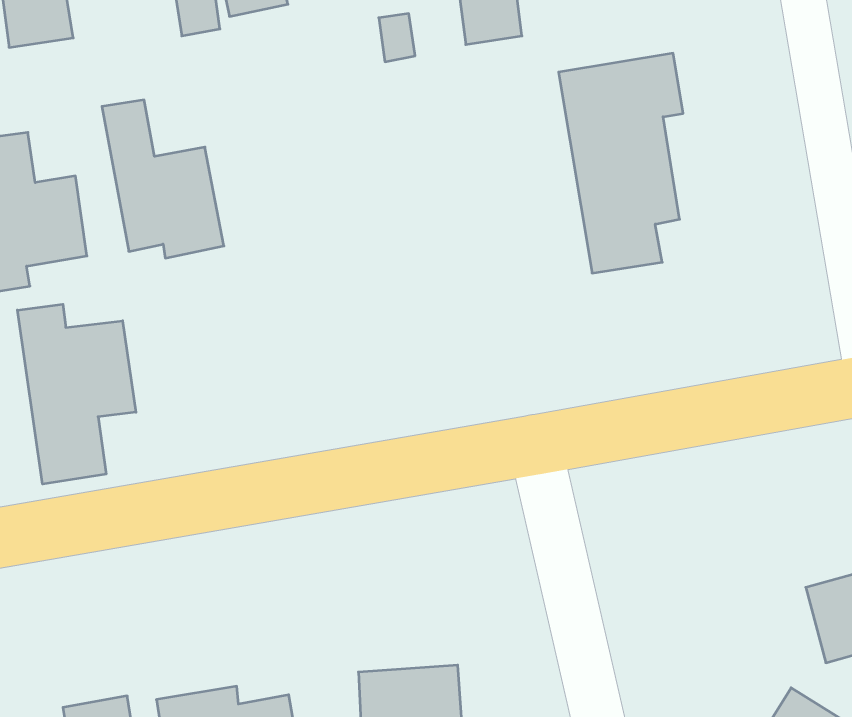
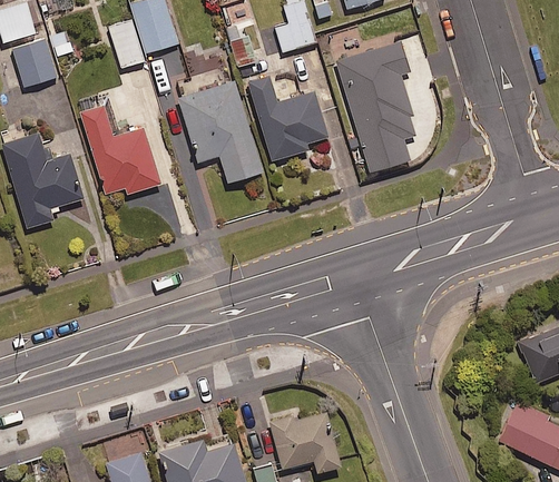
building: none -> [251,79,330,163]
building: none -> [180,83,264,185]
building: [17,304,136,484] -> none

